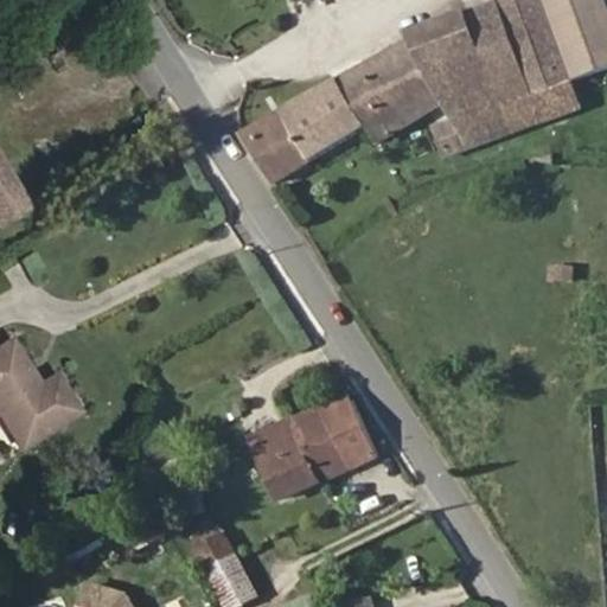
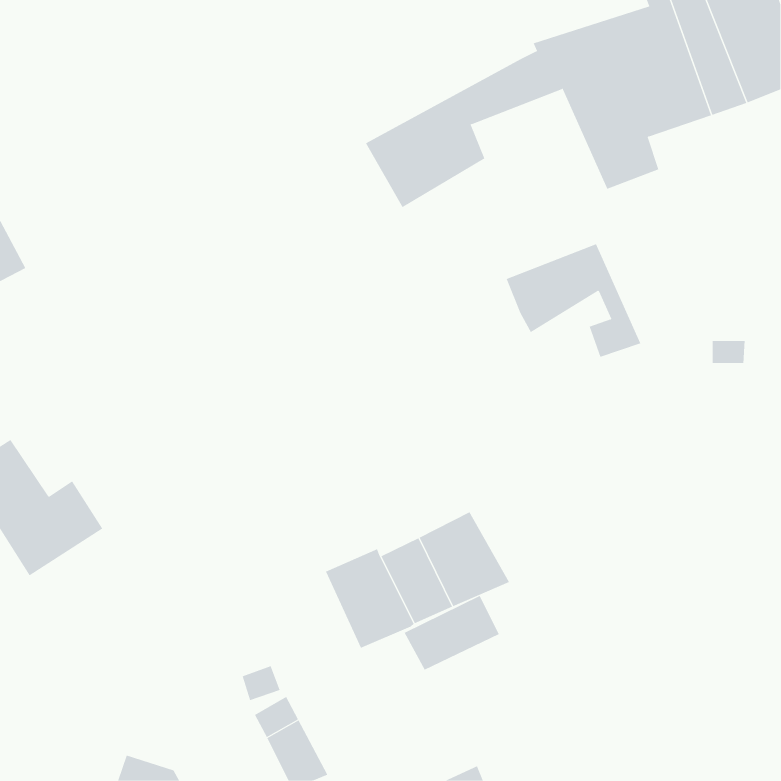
building: [363,69,467,156] -> [506,243,641,357]
building: [499,79,583,130] -> none
building: [237,110,309,183] -> none
building: none -> [404,595,499,671]

